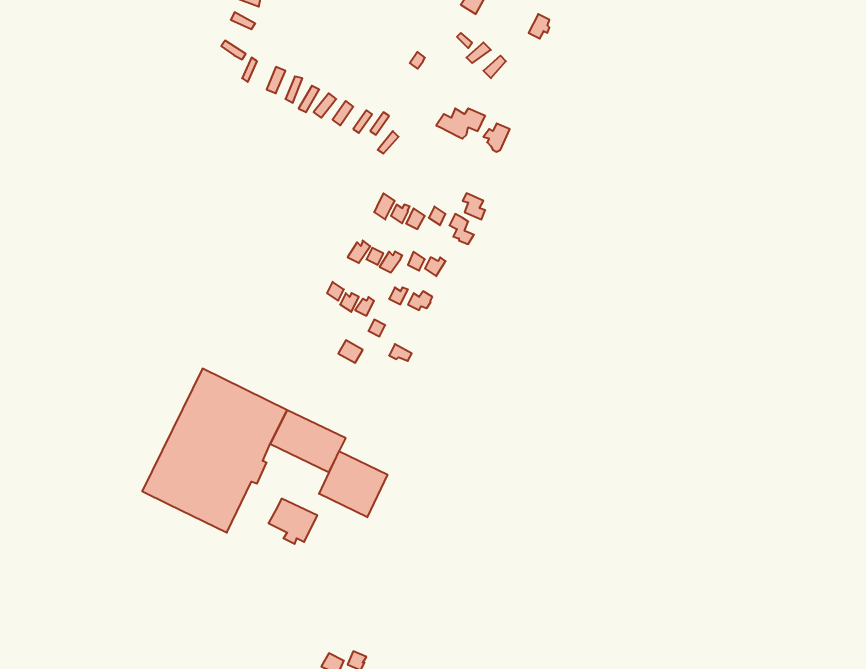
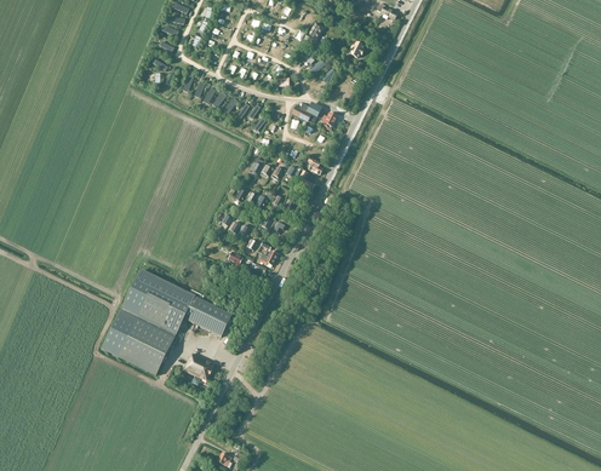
building: [319,451,387,517] -> none

